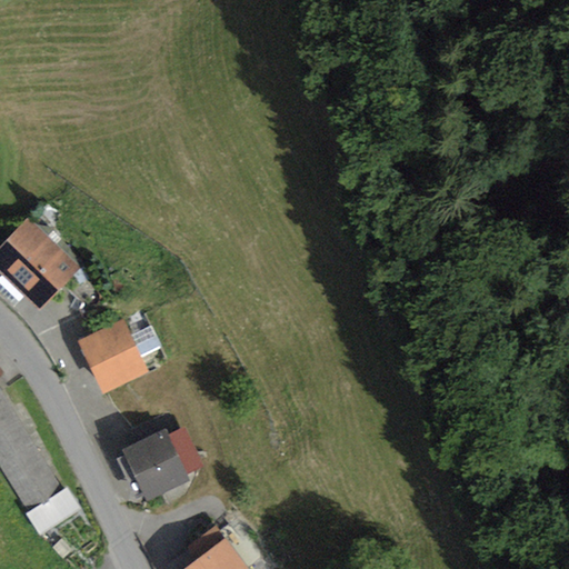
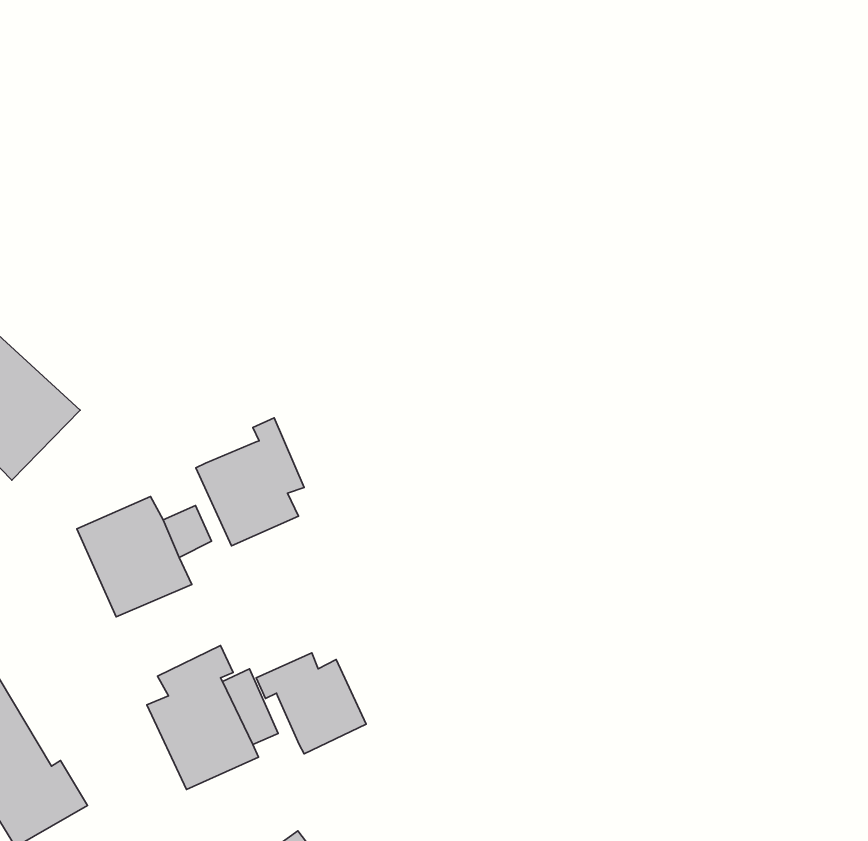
building: none -> [196,418,304,546]
building: none -> [256,653,366,754]

